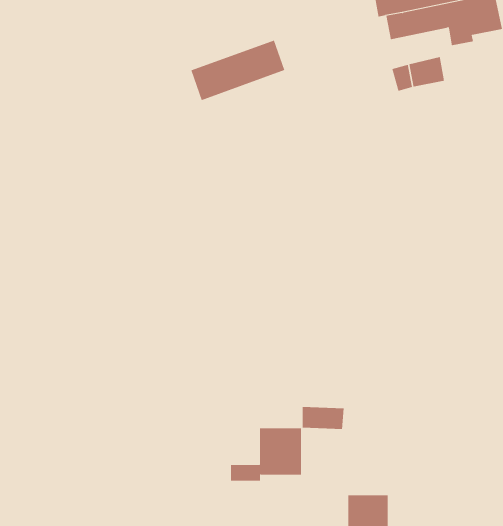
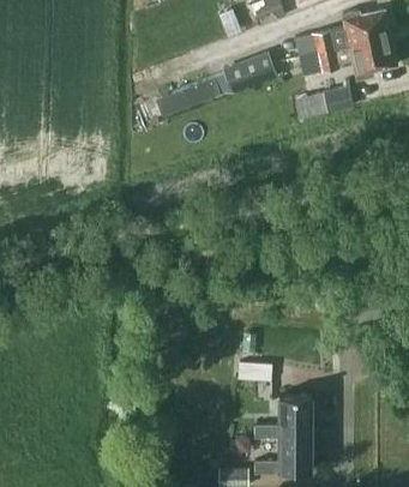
building: none -> [224,52,278,91]
building: [230,428,302,481] -> [252,395,308,437]

